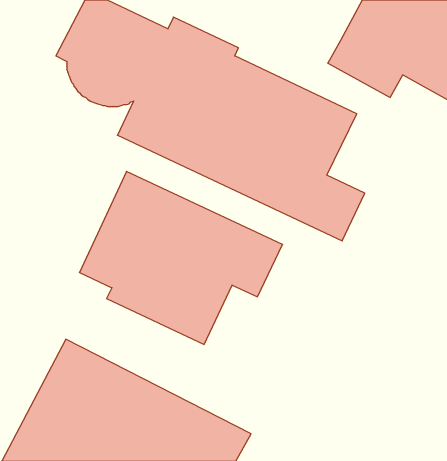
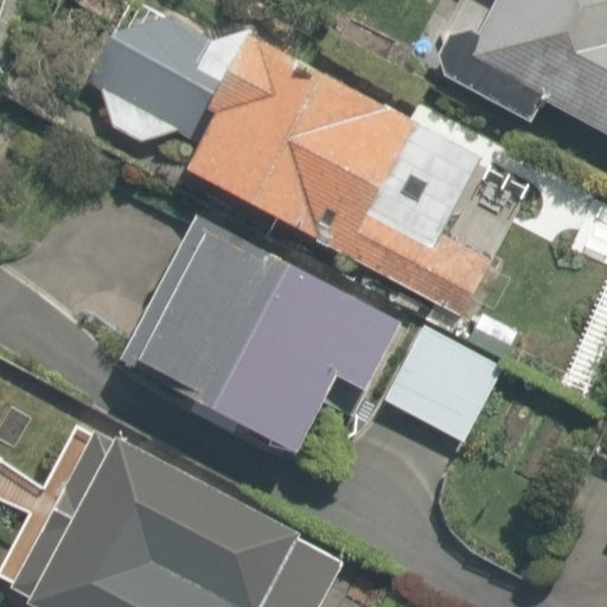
building: none -> [388,324,513,447]

